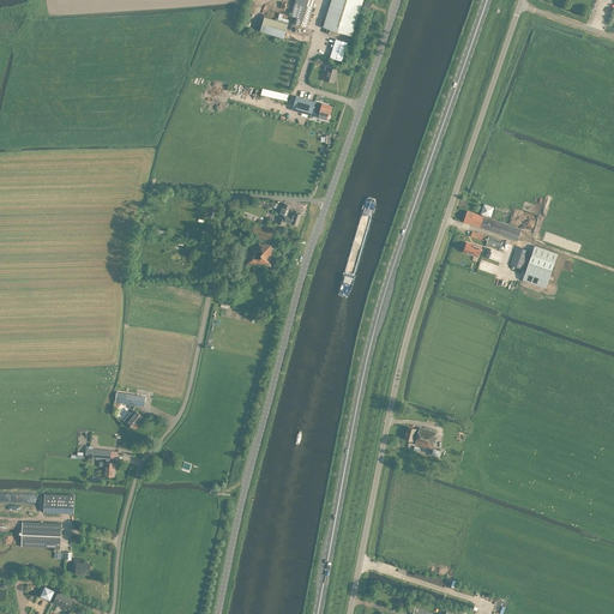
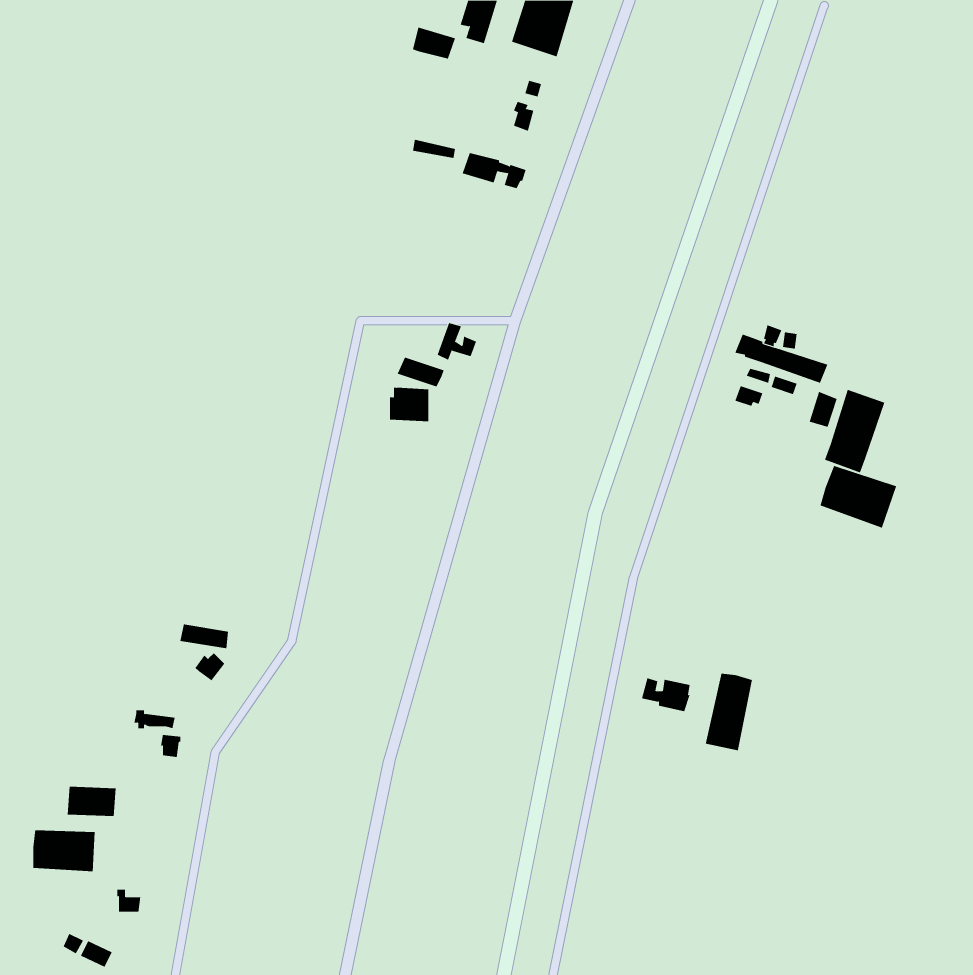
building: none -> [820,465,897,528]
building: none -> [705,673,753,751]

